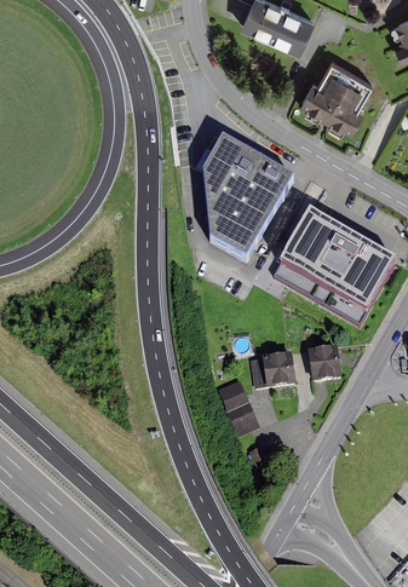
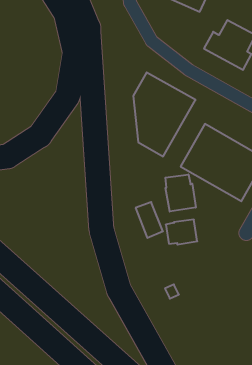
building: none -> [165,174,196,212]
building: [306,346,340,382] -> none
building: [219,384,259,436] -> [136,202,163,238]

